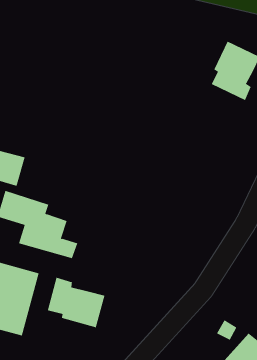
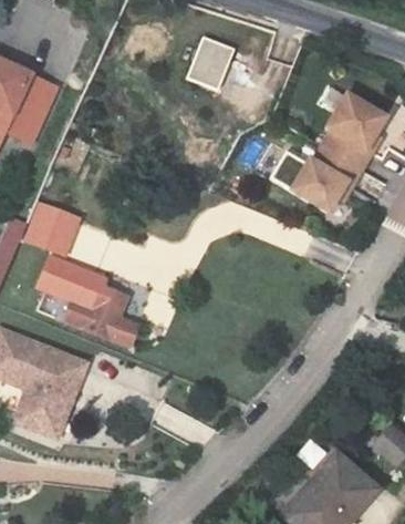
building: none -> [187,34,235,89]
building: none -> [288,144,359,212]
building: [47,277,105,328] -> none

